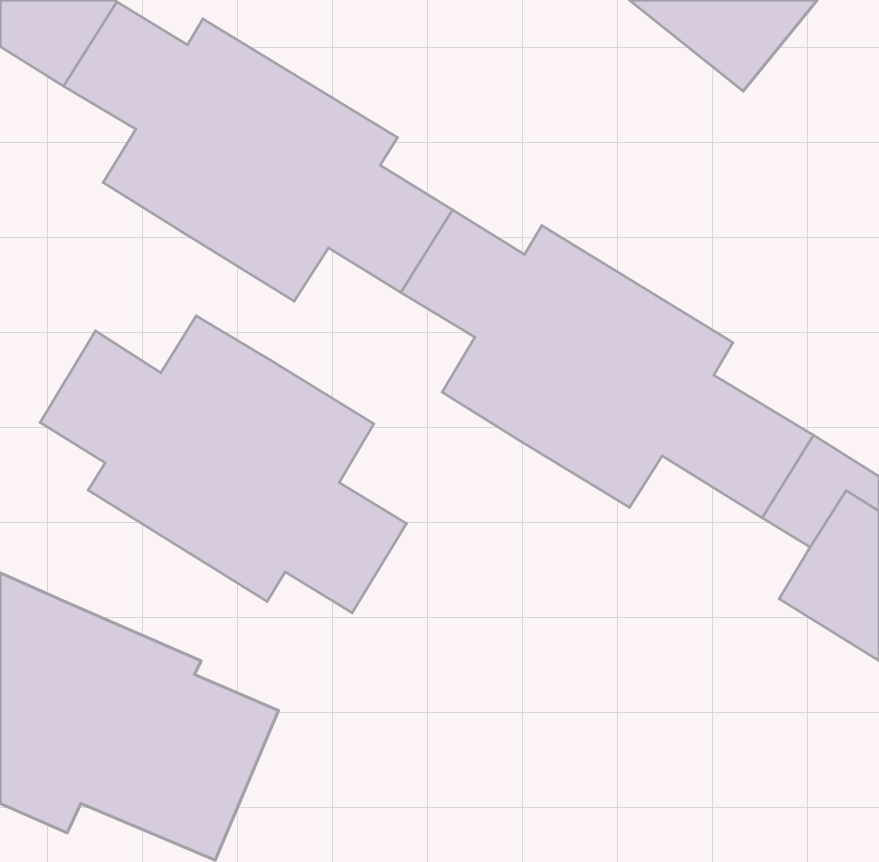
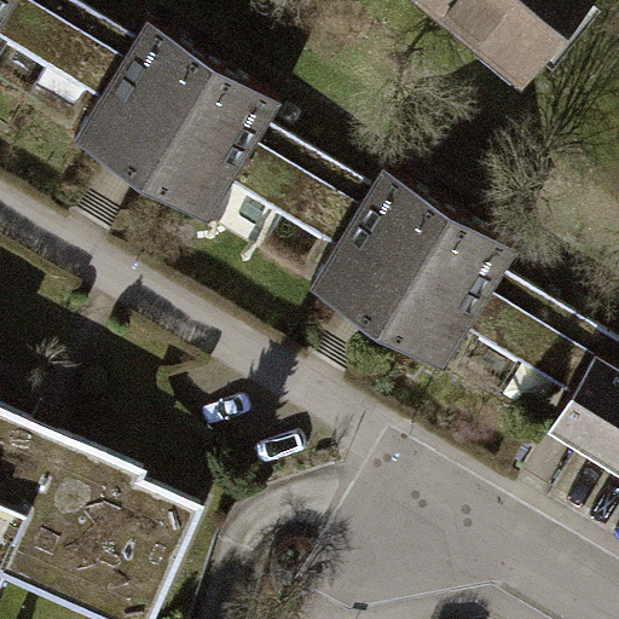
building: [40,316,406,613] -> none

